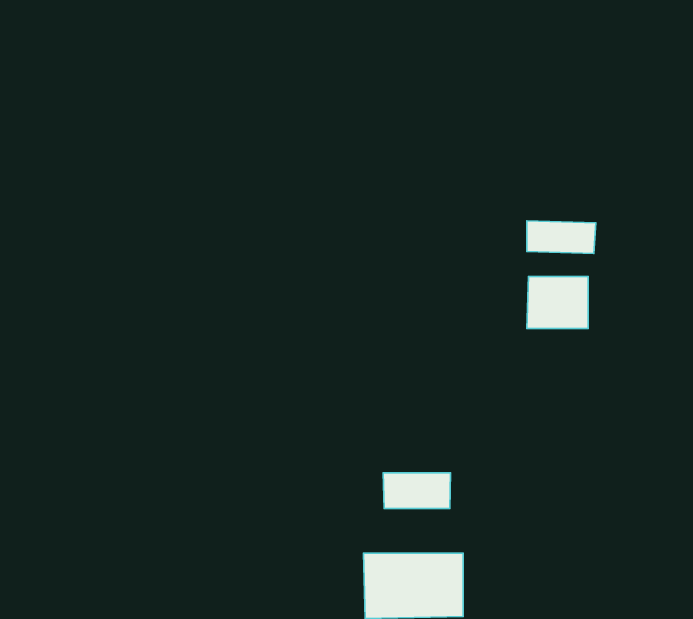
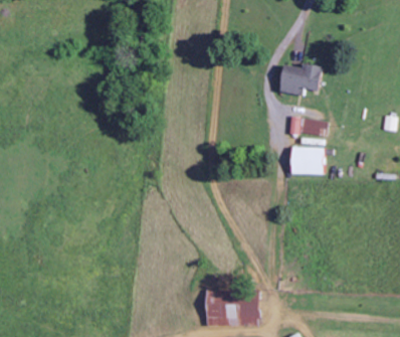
building: none -> [279,63,321,95]
building: [383,473,451,509] -> none

